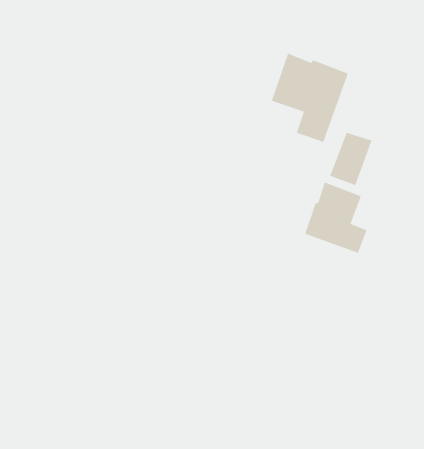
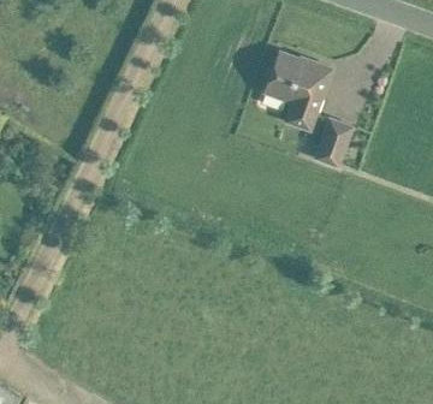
building: [304,181,367,254] -> none

